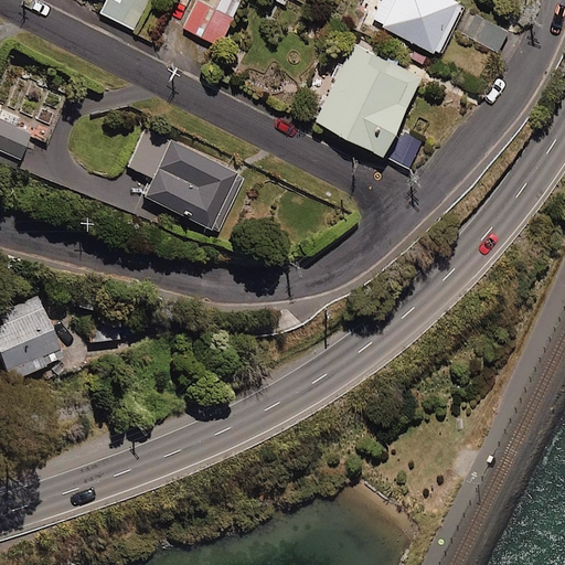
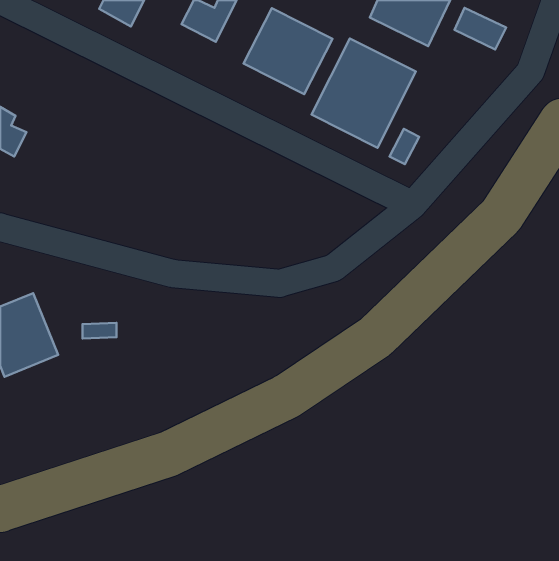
building: none -> [243,8,332,94]
building: [130,131,243,233] -> none

